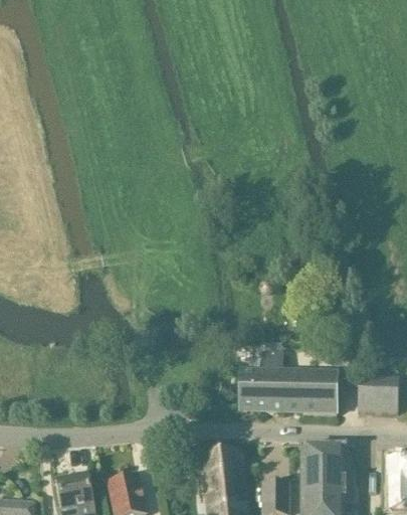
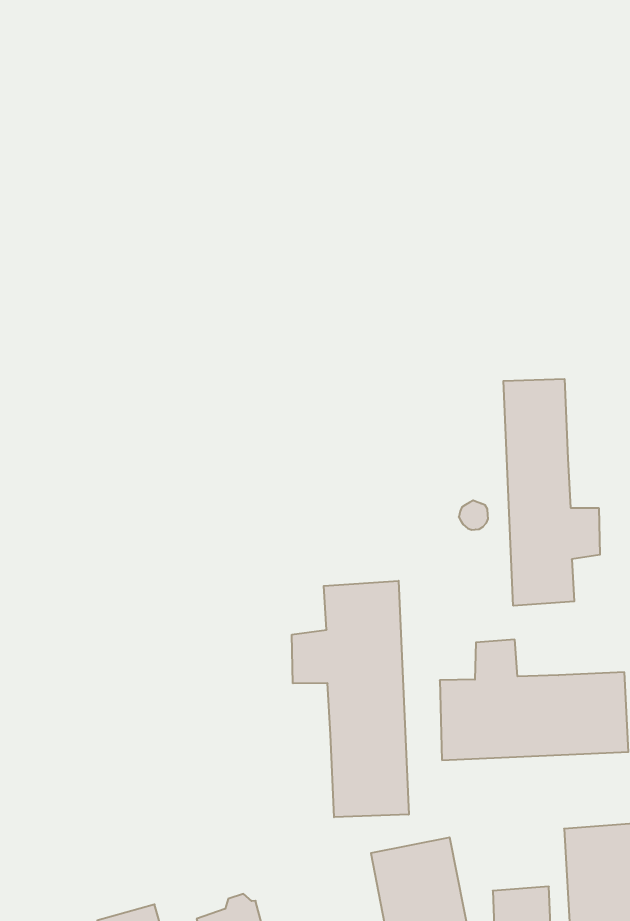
building: none -> [503,379,600,606]
building: none -> [292,581,409,817]

